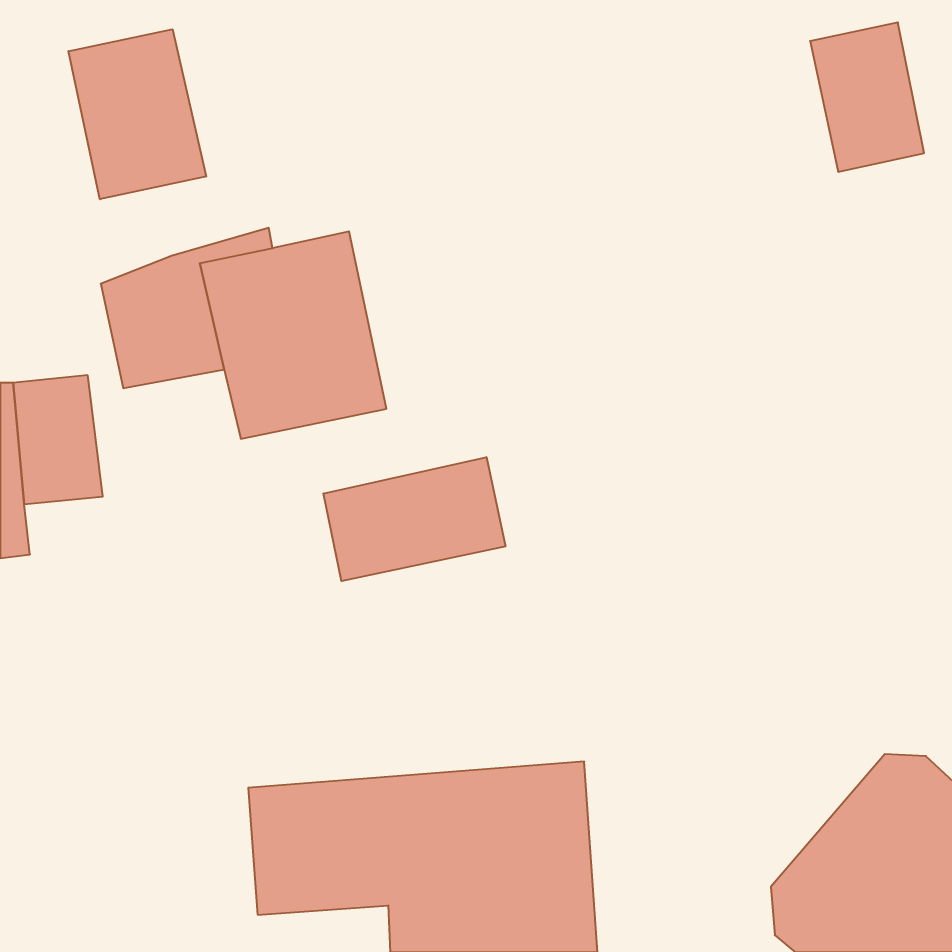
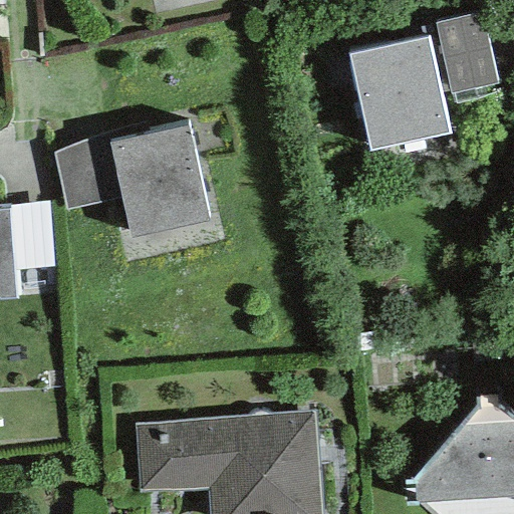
building: [68,29,206,199] -> none
building: none -> [349,38,450,150]
building: [323,457,505,581] -> none

